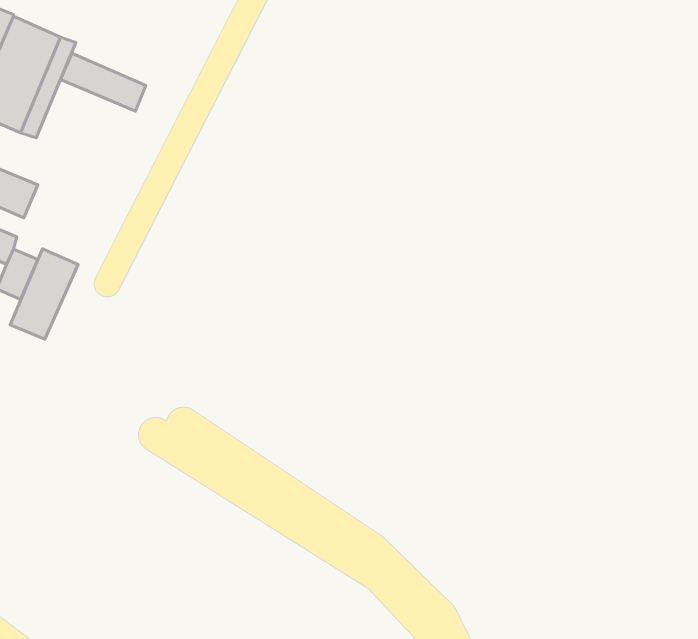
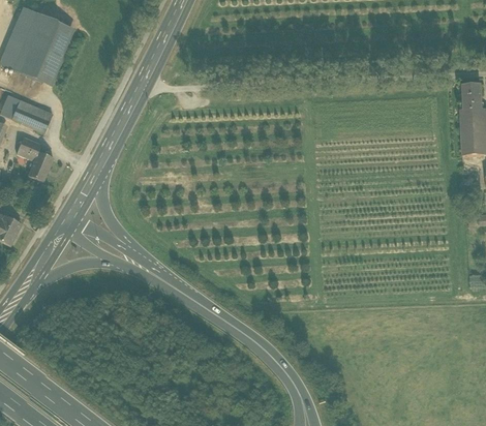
building: [60,53,146,111] -> none
building: [10,249,78,339] -> none

